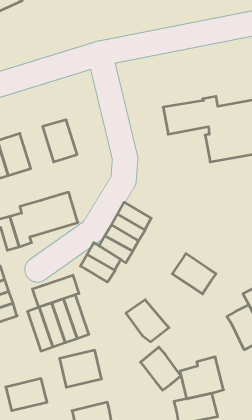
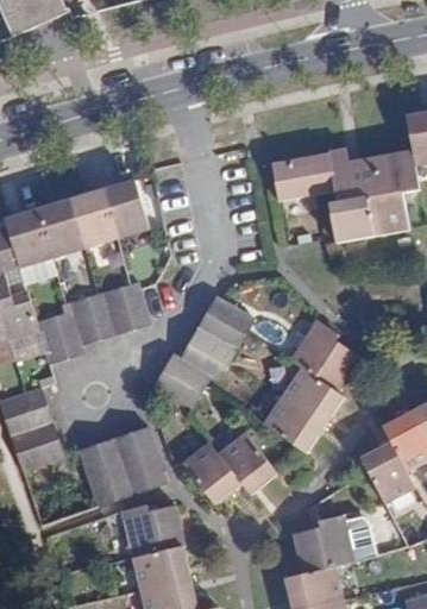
building: none -> [68,188,115,247]
building: none -> [290,326,357,389]
building: none -> [264,396,326,452]
building: [32,275,79,307] -> none
building: [140,347,181,390] -> [183,442,240,503]
building: [6,379,47,411] -> [133,545,191,590]

